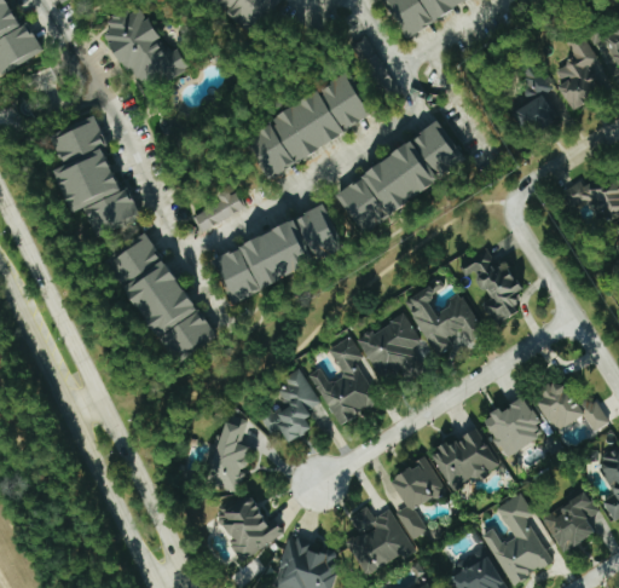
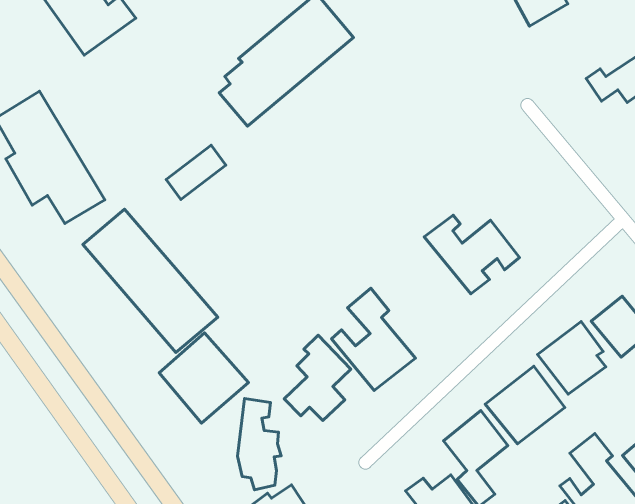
building: [335,123,465,234] -> none
building: [212,209,340,302] -> none
building: [459,248,522,323] -> none
building: [357,312,420,382] -> none
building: none -> [159,333,249,423]

